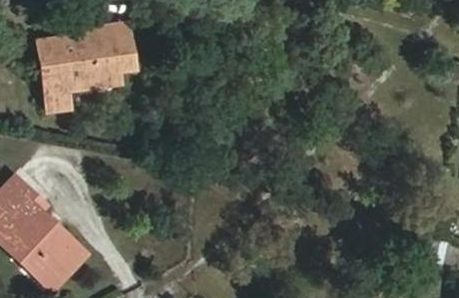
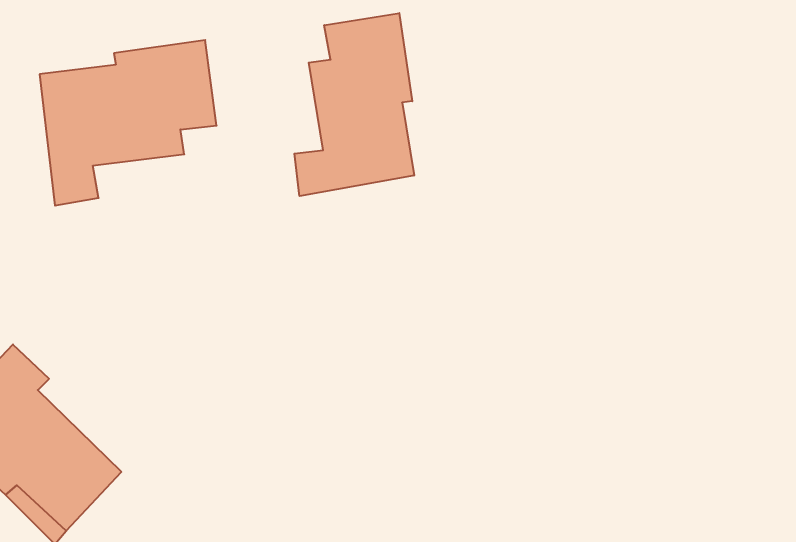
building: none -> [294,13,414,196]

